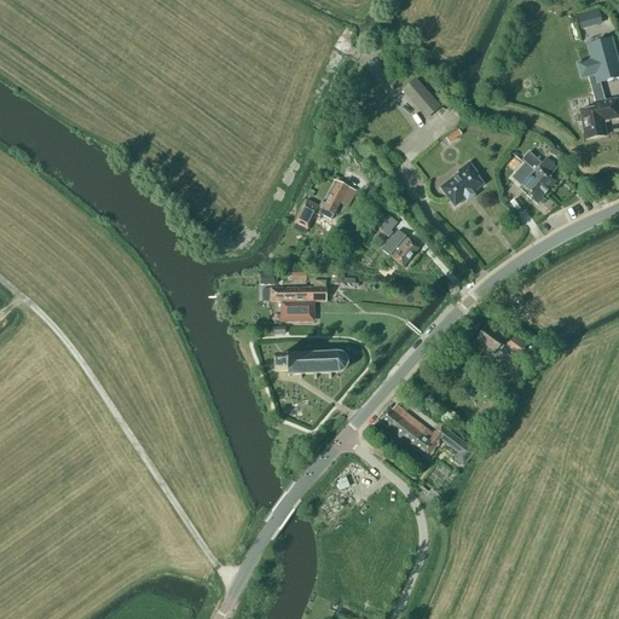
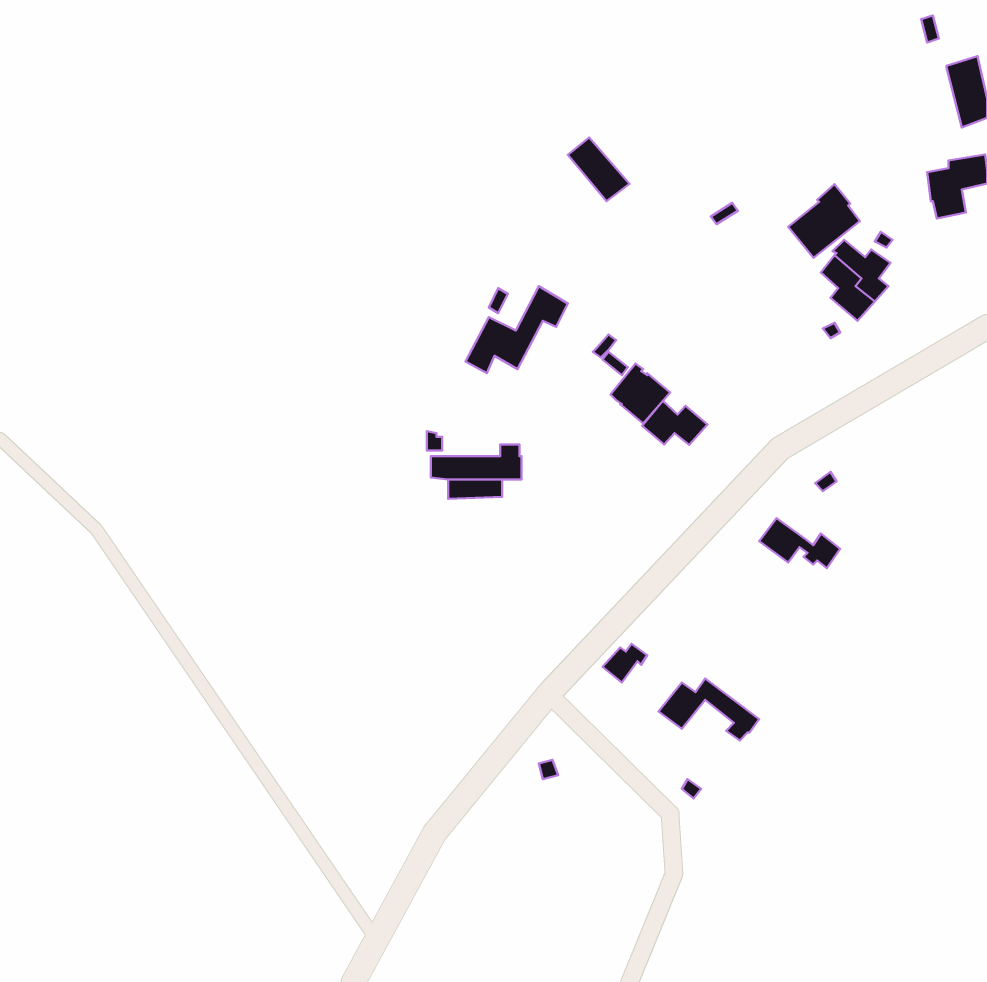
building: [401,76,440,116] -> [568,137,630,201]
building: [439,160,484,206] -> [788,184,860,258]
building: none -> [642,401,707,445]
building: [273,349,347,376] -> none
building: [389,410,427,445] -> none

